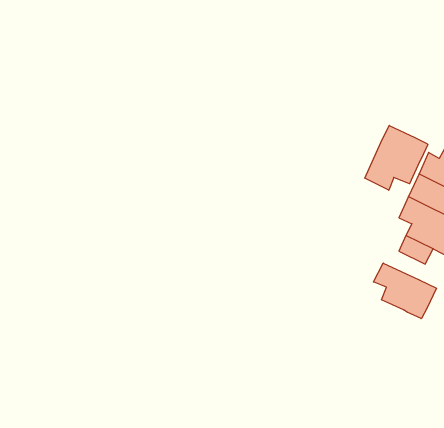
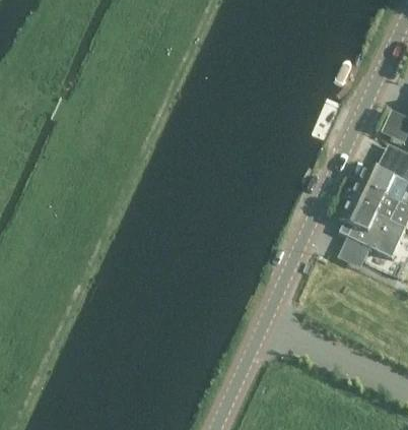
building: [365,125,428,190] -> none
building: [373,263,437,319] -> none

